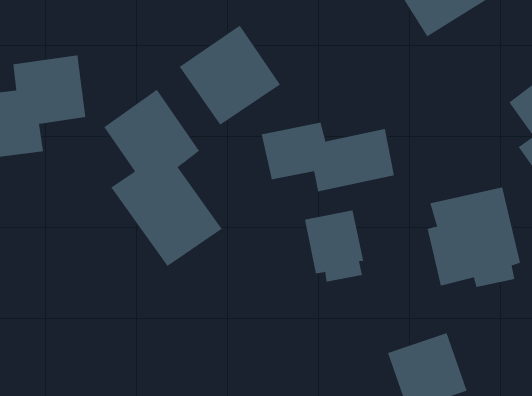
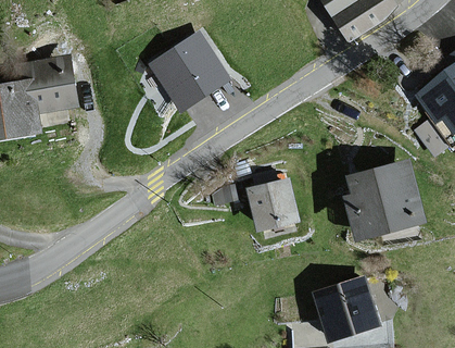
building: [104,89,223,267] -> none
building: [261,122,394,192] -> none

